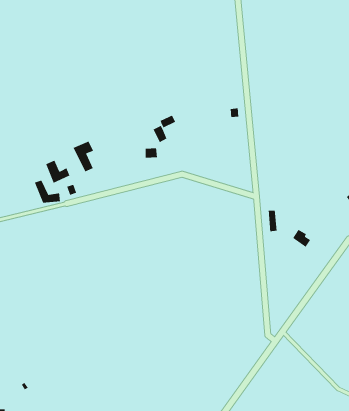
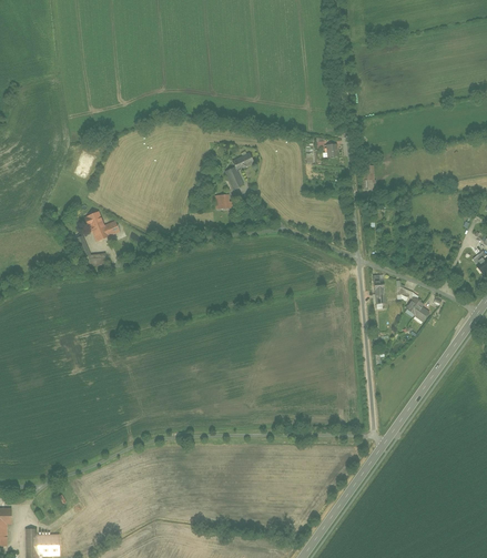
building: [73,140,94,172] -> none

